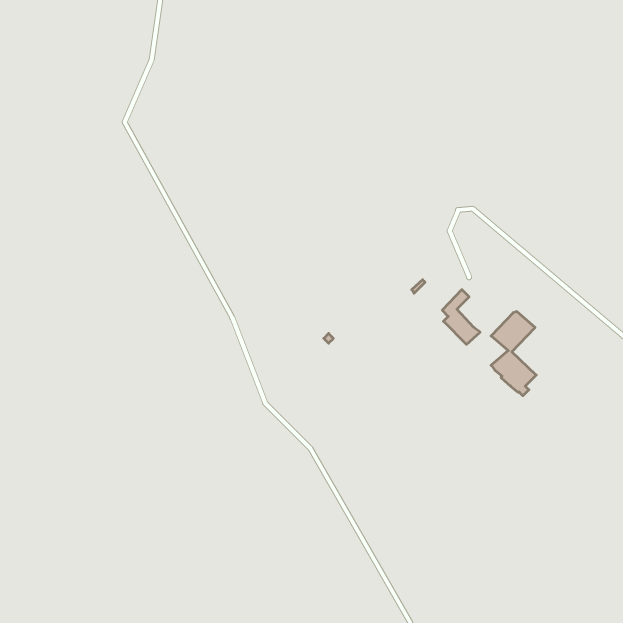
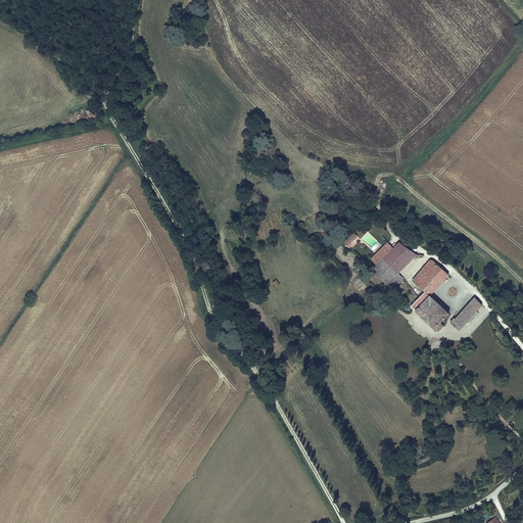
building: none -> [382,242,415,274]
building: none -> [448,296,481,330]

